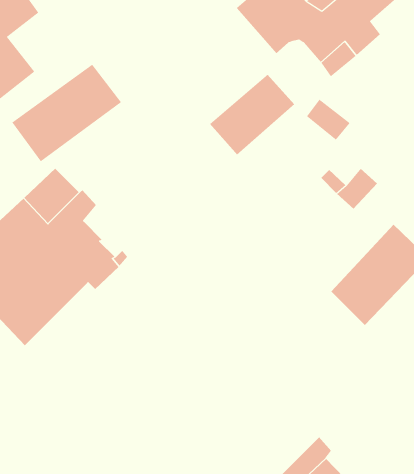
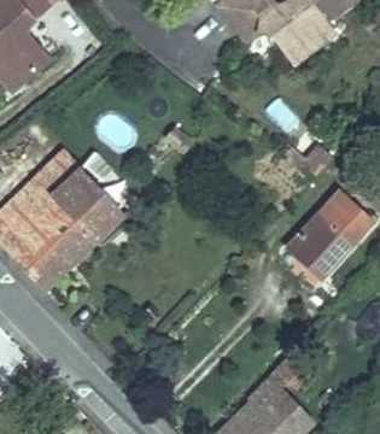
building: [11,64,122,162] -> none
building: [209,74,295,156] -> none

